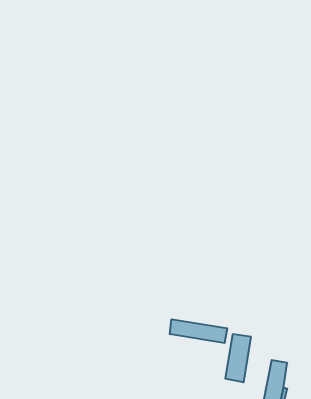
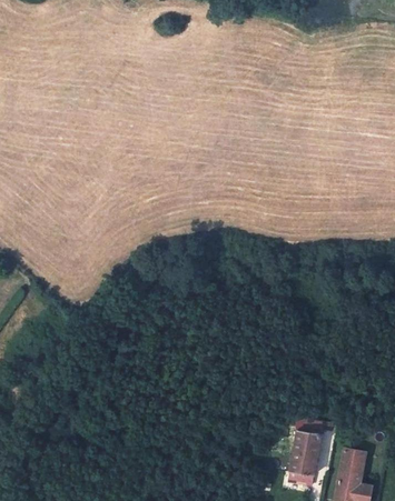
building: [170,319,227,343] -> none

